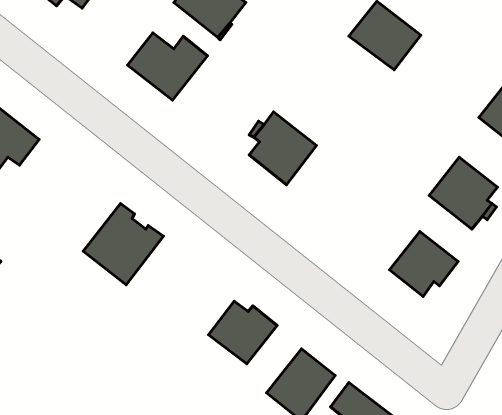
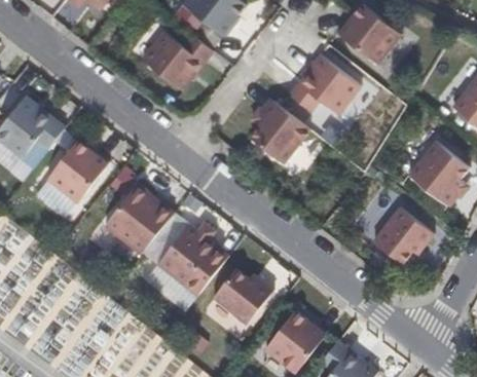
building: none -> [289,55,361,115]
building: none -> [46,141,108,204]
building: none -> [155,224,227,287]

